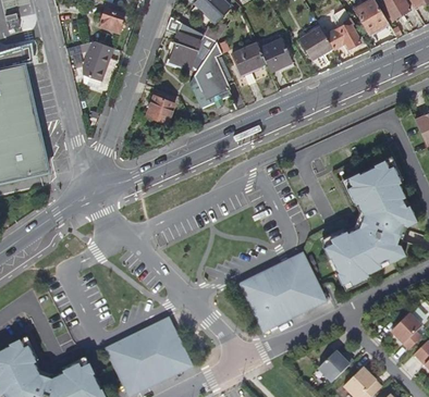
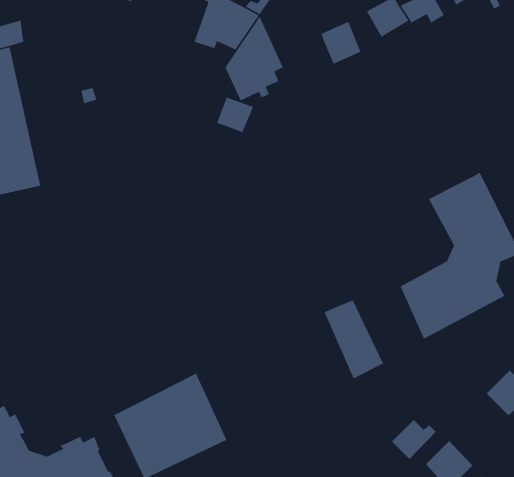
building: [79,40,113,88] -> none
building: [232,40,266,72] -> none
building: [147,94,176,122] -> [216,96,254,133]
building: [289,251,329,309] -> none
building: [237,269,289,332] -> none

